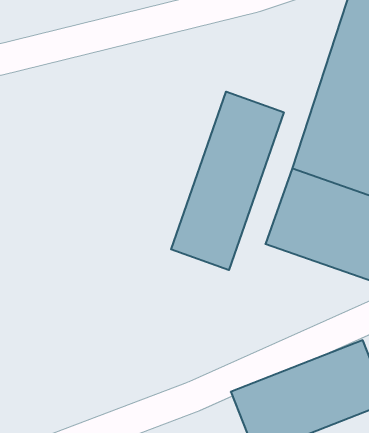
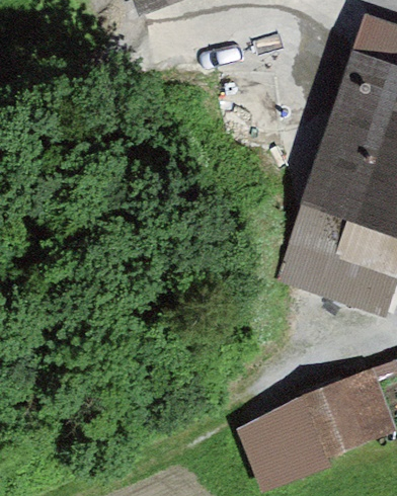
building: [171,92,284,270] -> none

